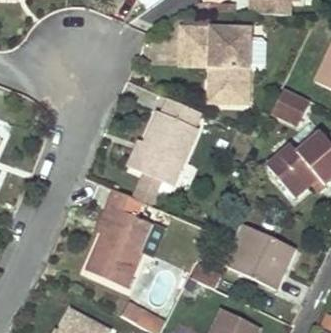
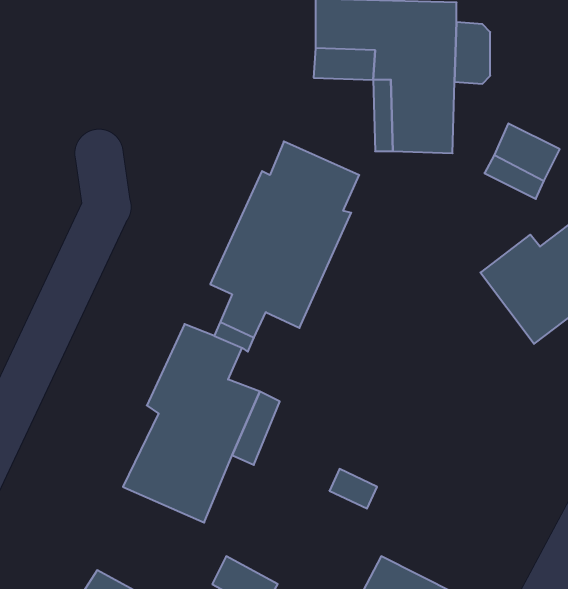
building: [222,221,293,288] -> none

